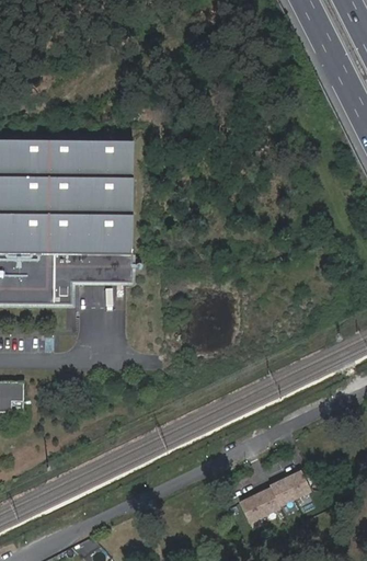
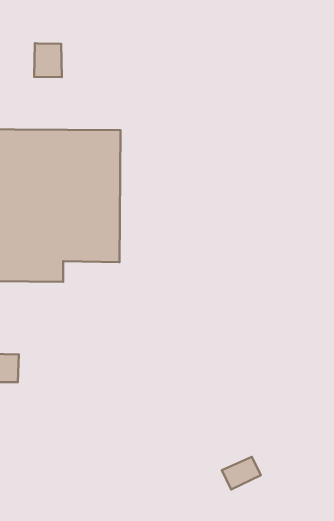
building: none -> [34,43,62,77]
building: [272,472,312,507] -> none

